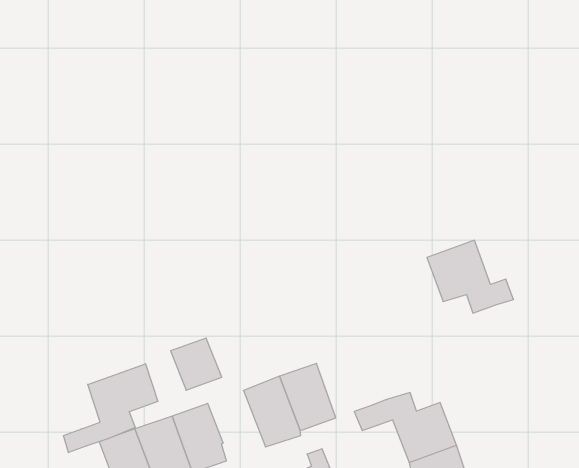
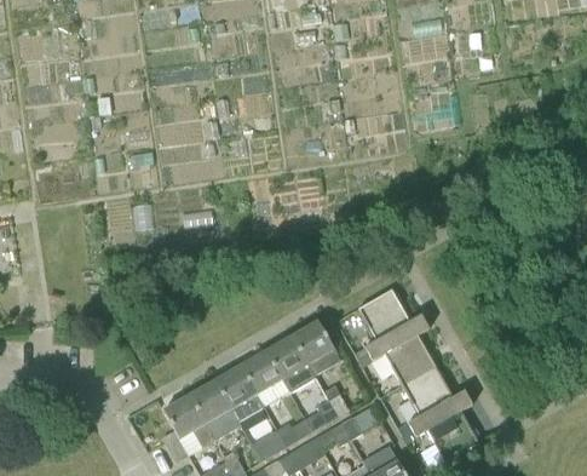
building: [427,240,513,313] -> [358,288,430,344]
building: [171,338,222,390] -> [241,351,283,394]
building: [63,364,158,453] -> none

